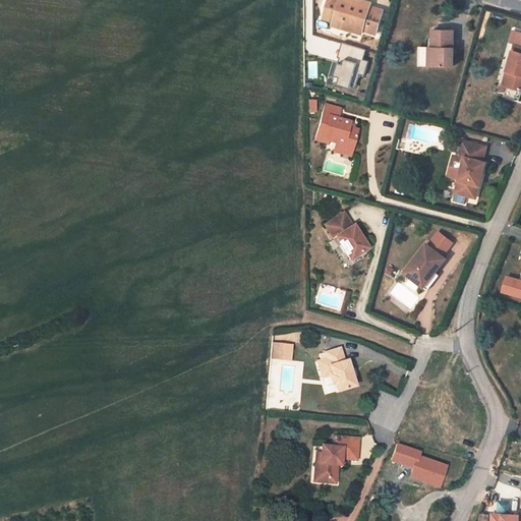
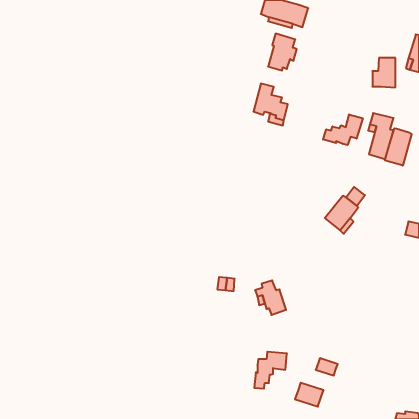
building: [424,30,453,66] -> [372,58,395,87]
building: none -> [323,114,363,145]
building: none -> [385,128,412,166]
building: [323,214,366,259] -> none
building: [410,457,446,486] -> [295,383,324,407]

